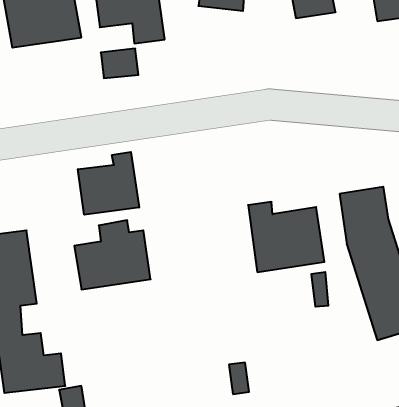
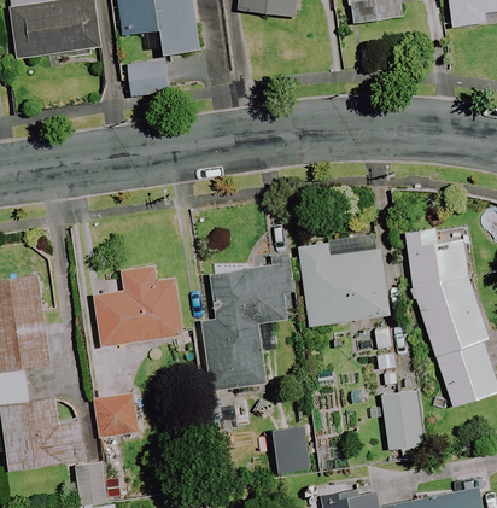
building: [78,152,139,215] -> none
building: none -> [204,265,287,390]
building: none -> [380,390,423,449]
building: none -> [93,392,136,437]

